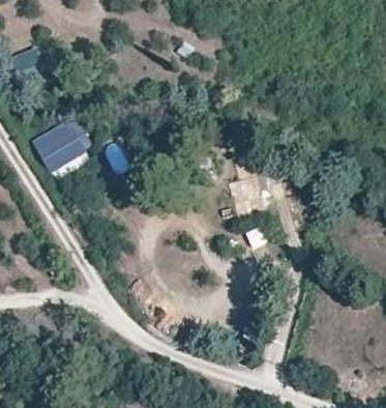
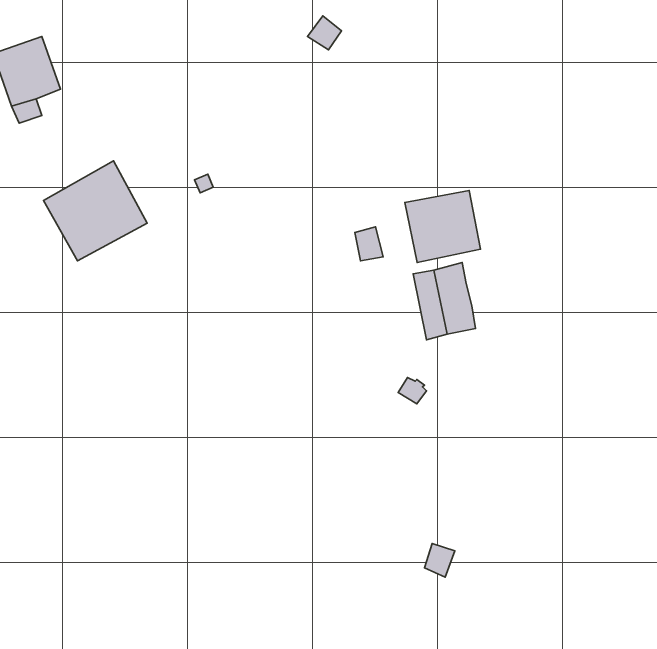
building: none -> [405,190,480,262]

